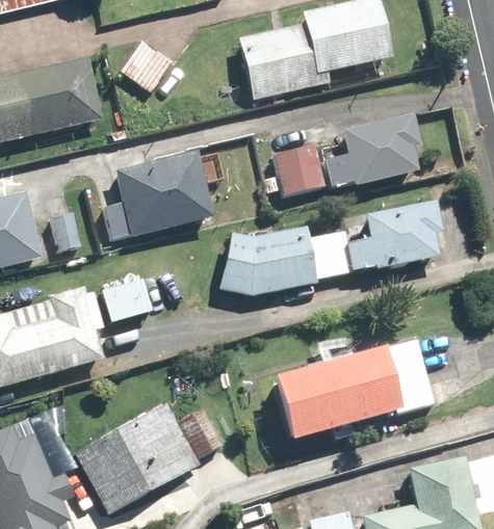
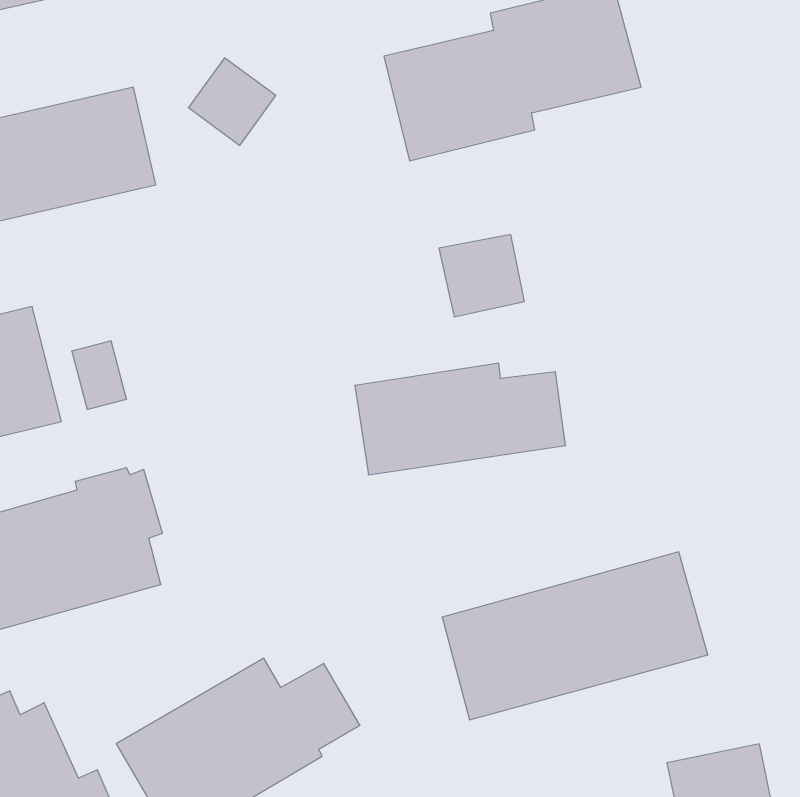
building: [323,114,423,187] -> none
building: [103,153,214,241] -> none
building: [342,203,441,274] -> none
building: [100,277,152,321] -> none

